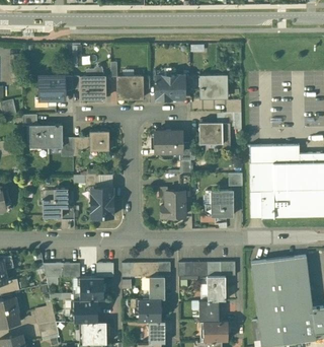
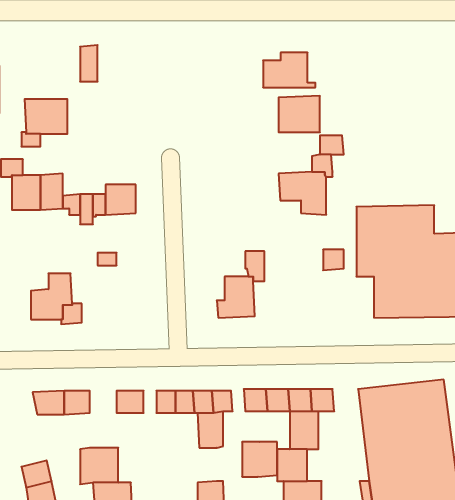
building: [116,75,143,98] -> none
building: [155,75,188,97] -> [263,53,315,87]
building: [79,76,105,98] -> none
building: [155,130,183,160] -> none
building: [91,188,112,216] -> none
building: [205,191,232,215] -> none
building: [79,277,103,299] -> none
building: [138,299,160,322] -> [242,442,277,477]

